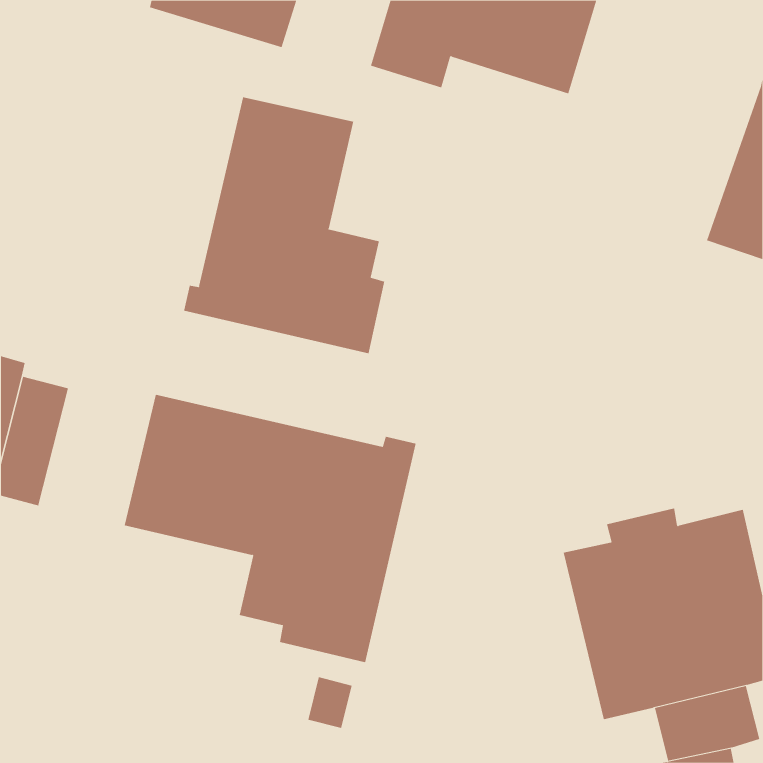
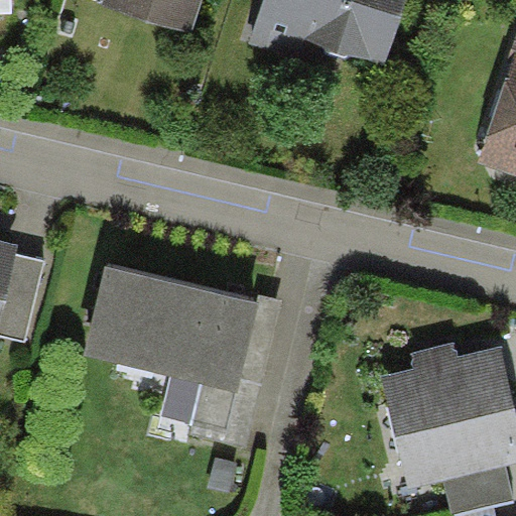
building: [184,96,385,354] -> none

